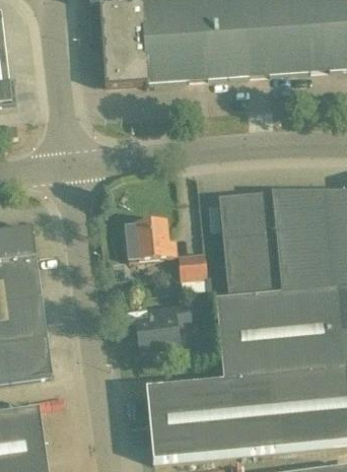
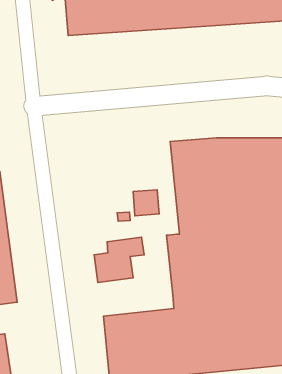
building: [125,219,175,258] -> none

